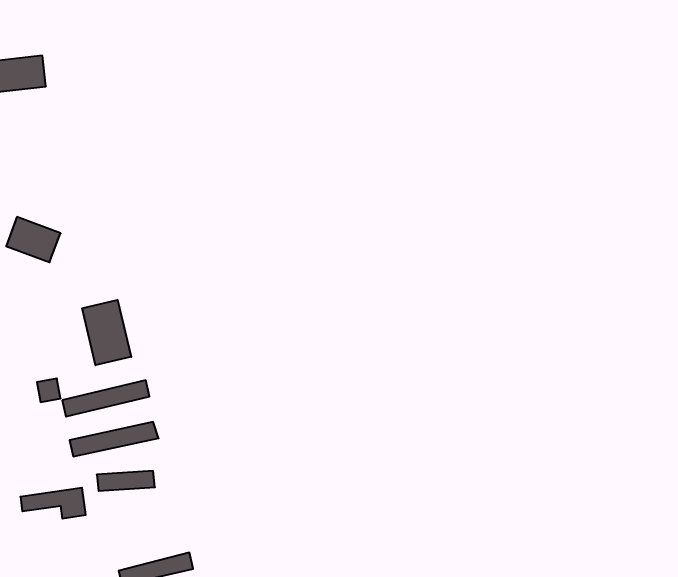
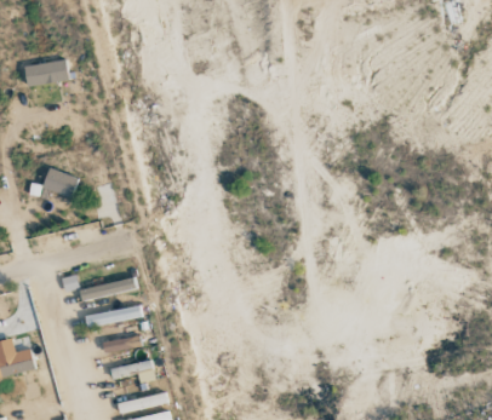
building: [82,300,131,365] -> none
building: [20,488,86,519] -> [111,361,155,381]

